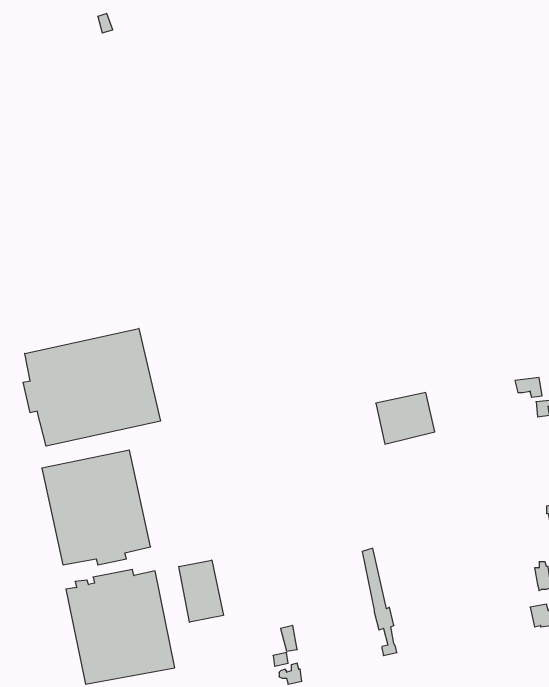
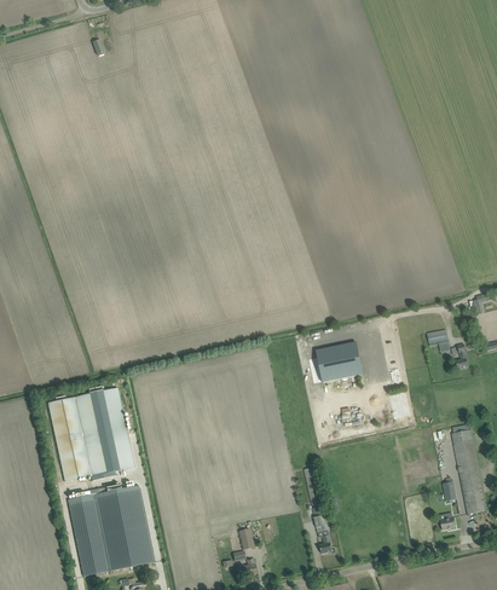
building: [23,328,160,446] -> none
building: [179,560,223,622] -> none

